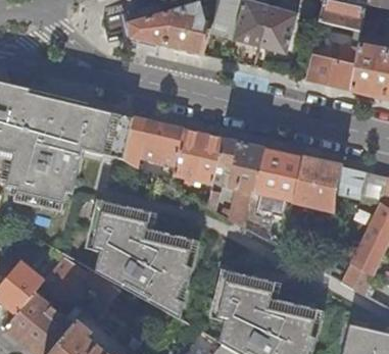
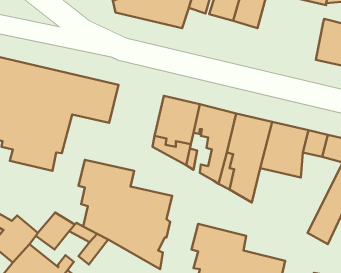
building: [305,44,358,89] -> none
building: [123,116,183,166] -> none

